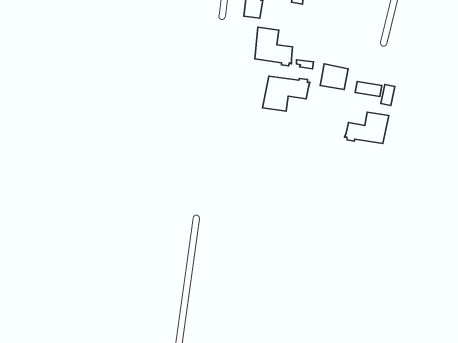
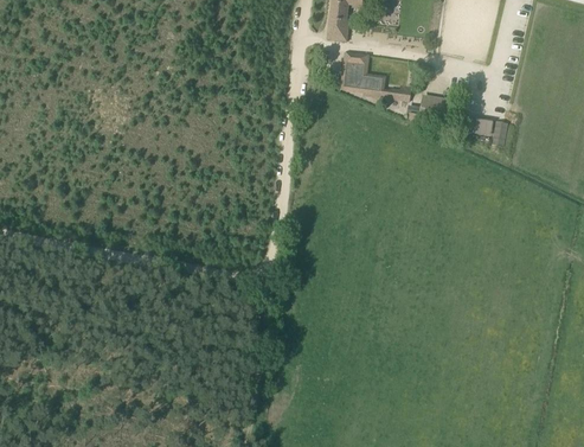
building: [263,76,310,111] -> none
building: [345,112,389,144] -> none

